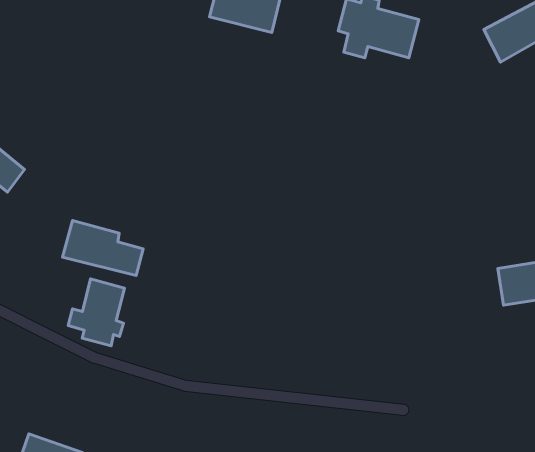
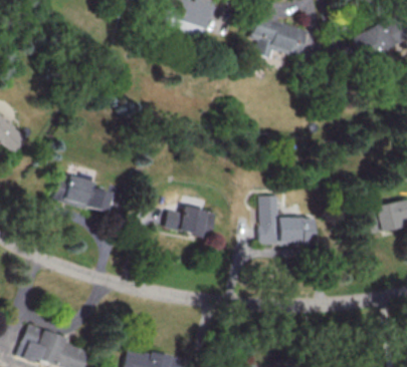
building: none -> [260,195,313,243]
building: none -> [166,205,217,238]
building: [68,279,124,346] -> none

